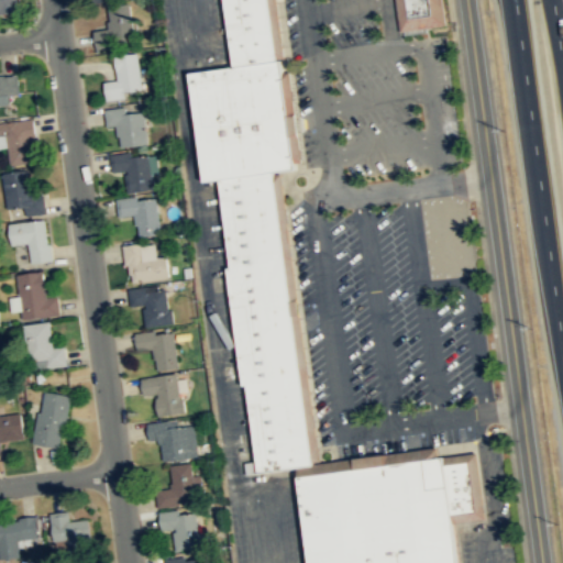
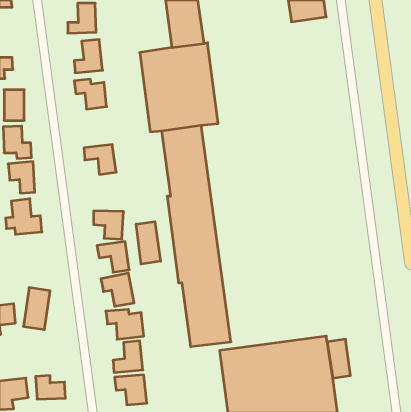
building: [109,155,153,194] -> none
building: [123,244,167,284] -> none
building: none -> [136,222,161,264]
building: [22,323,65,372] -> none

